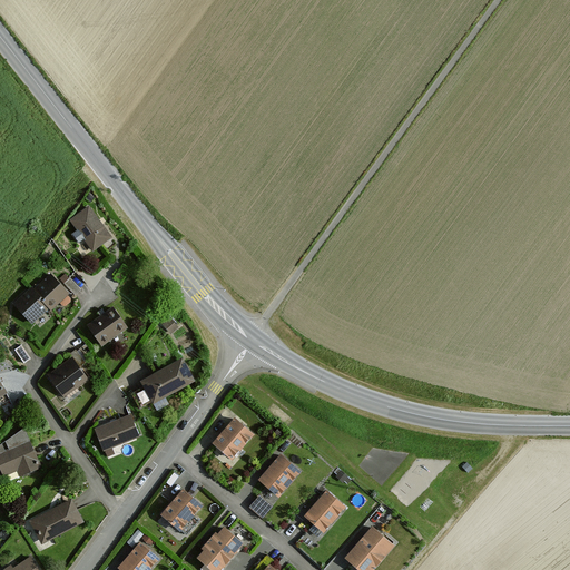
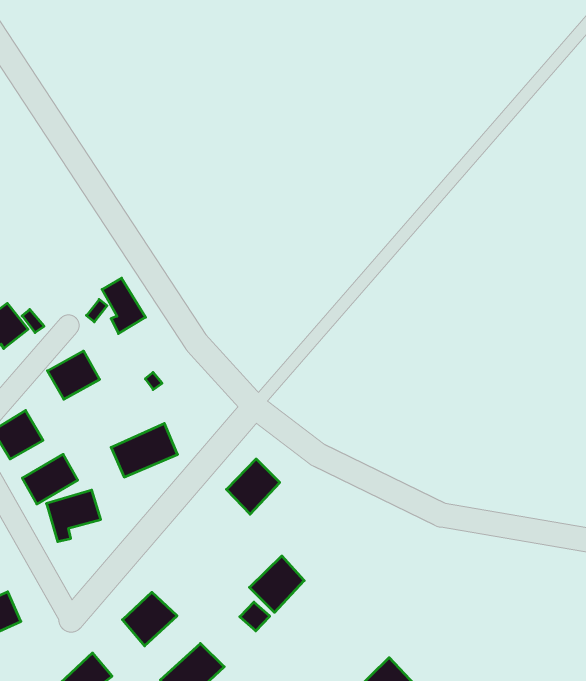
building: [73,207,109,250] -> [102,278,146,334]
building: none -> [22,454,78,504]
building: [212,417,253,461] -> [226,459,280,514]
building: [304,491,345,534] -> none

